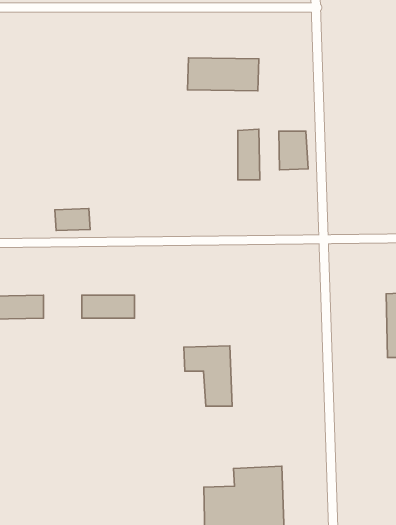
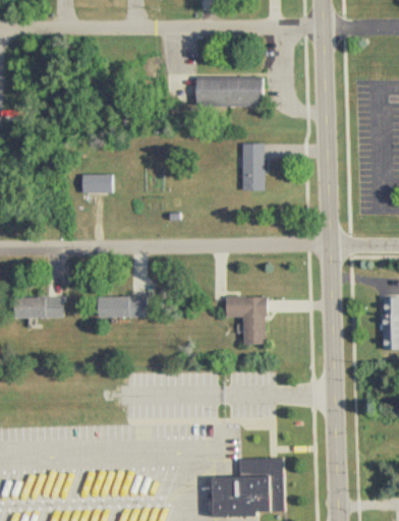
building: [279,131,308,170] -> none
building: [55,209,90,231] -> [80,172,113,192]
building: [184,346,232,406] -> [225,294,270,350]

